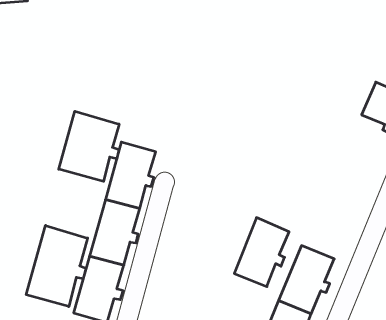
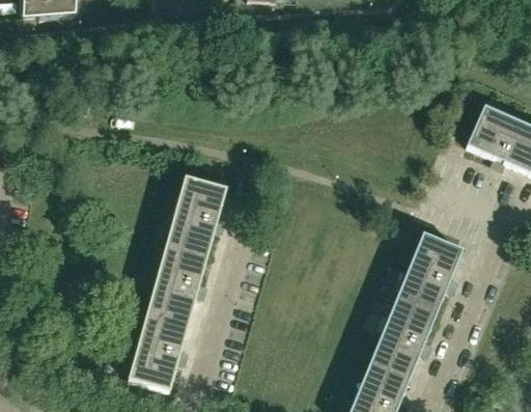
building: [59,111,119,181] -> none
building: [234,218,289,287] -> [396,236,460,317]
building: [26,225,88,307] -> none

